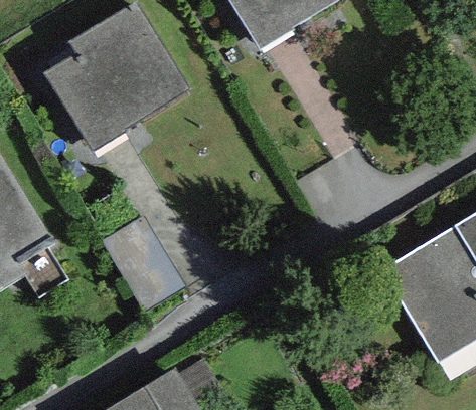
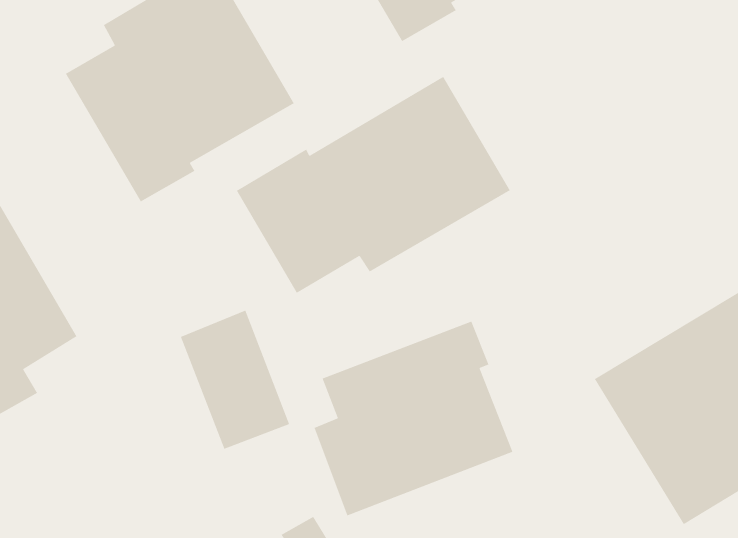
building: none -> [236,76,511,294]
building: none -> [314,321,514,517]

